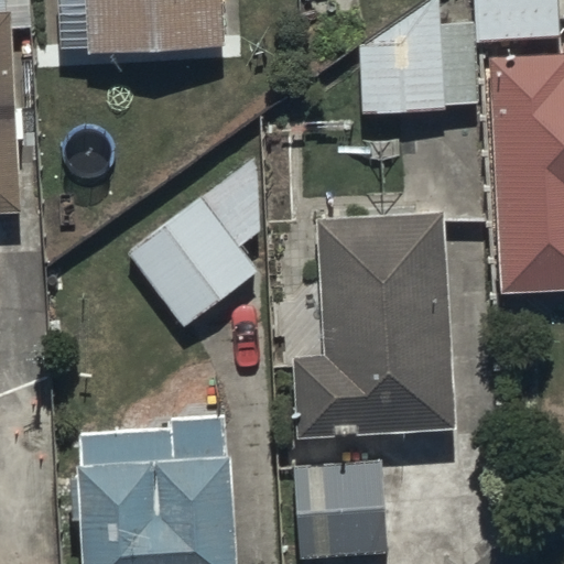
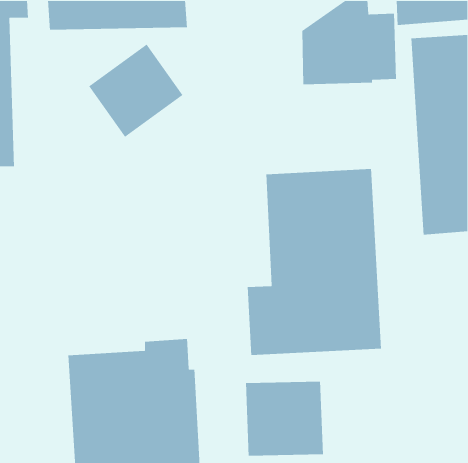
building: none -> [88,43,183,138]
building: [123,161,258,330] -> none

